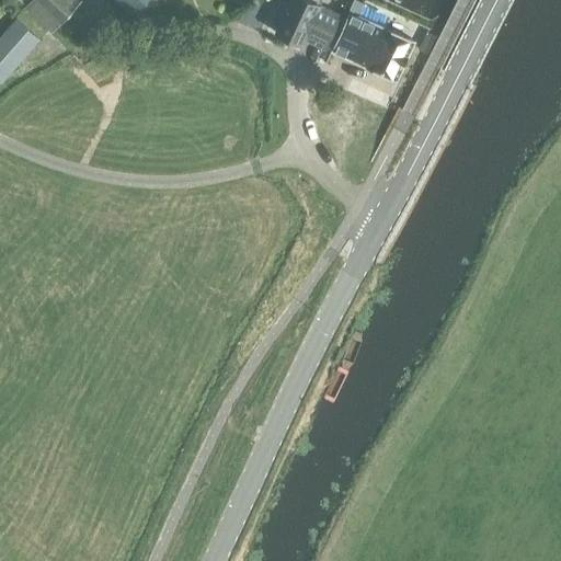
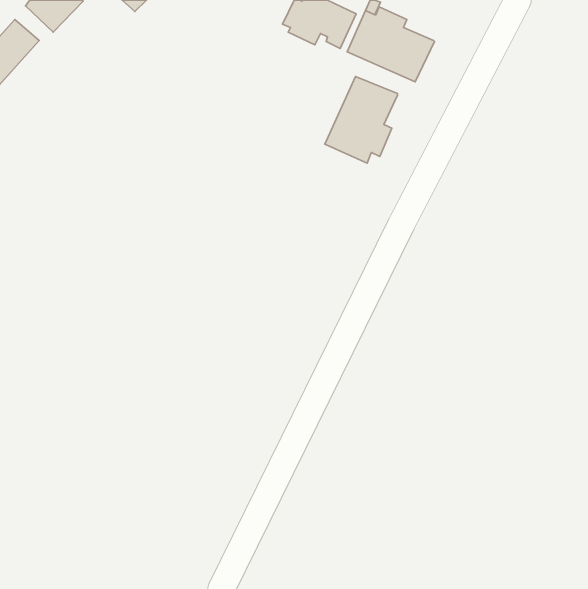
building: none -> [325,76,398,163]

